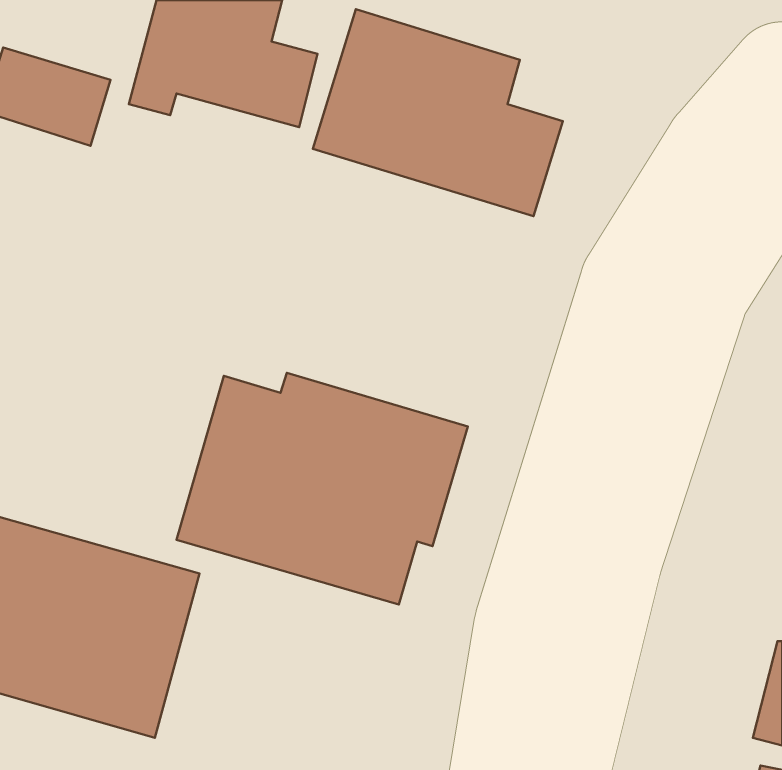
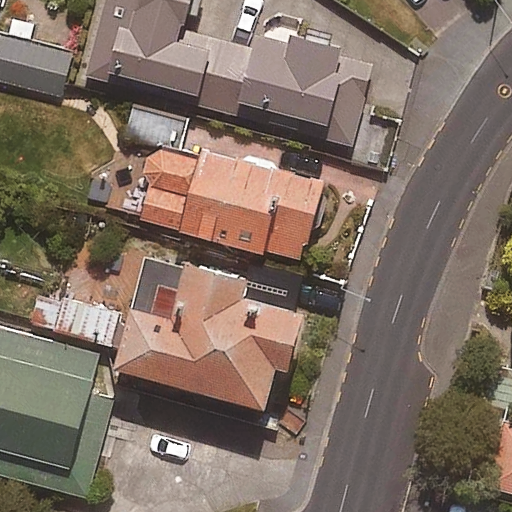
building: none -> [87,106,323,262]

